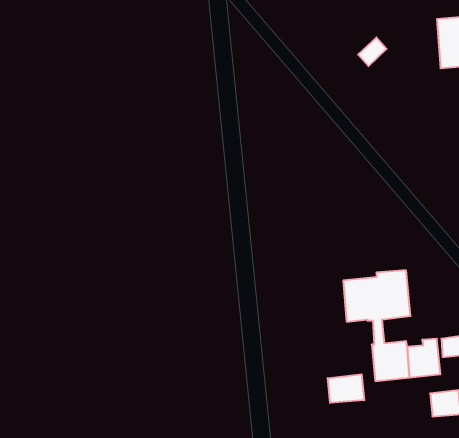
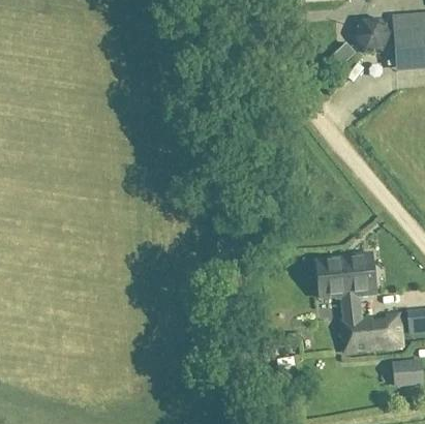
building: none -> [354,18,392,53]
building: [328,374,364,403] -> none

